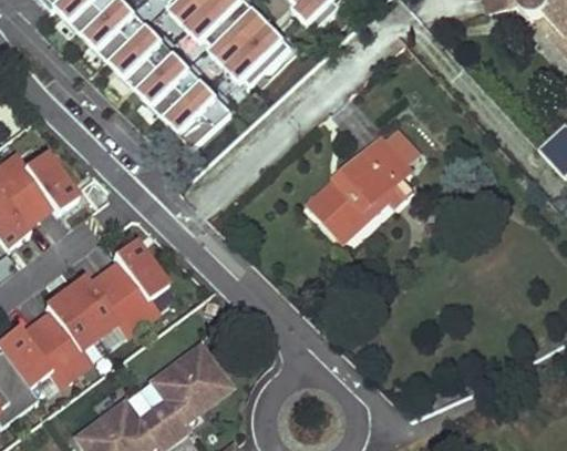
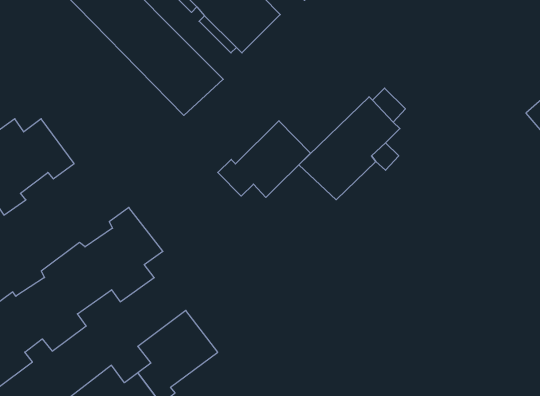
building: none -> [218,121,311,197]

